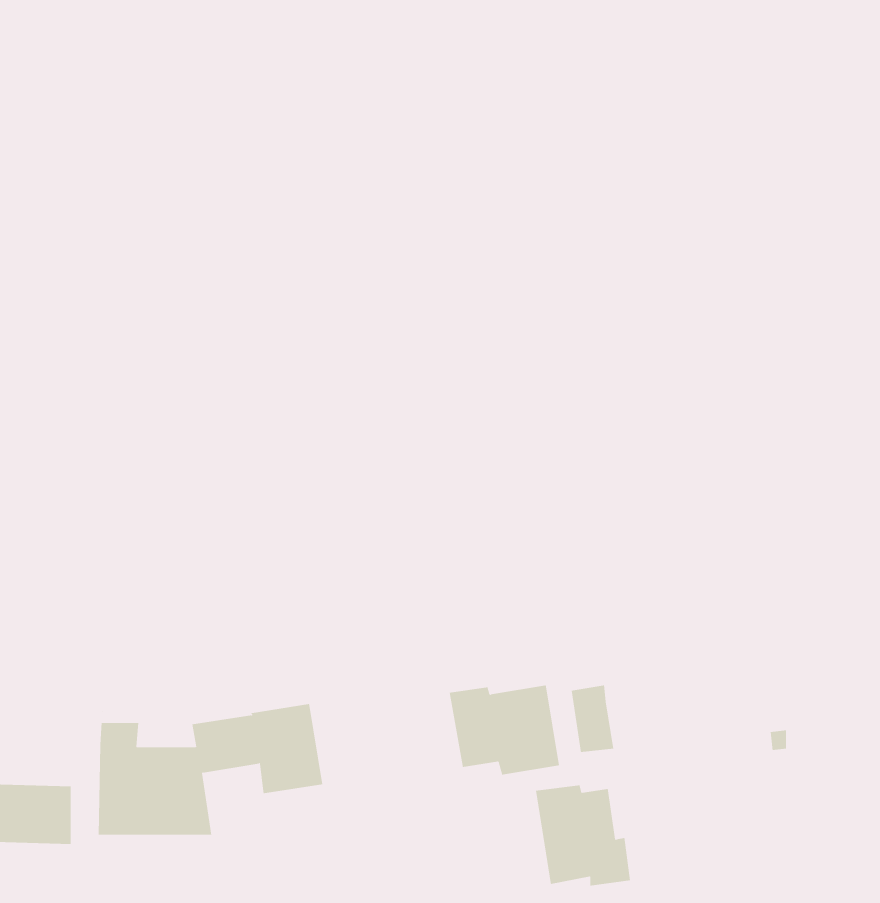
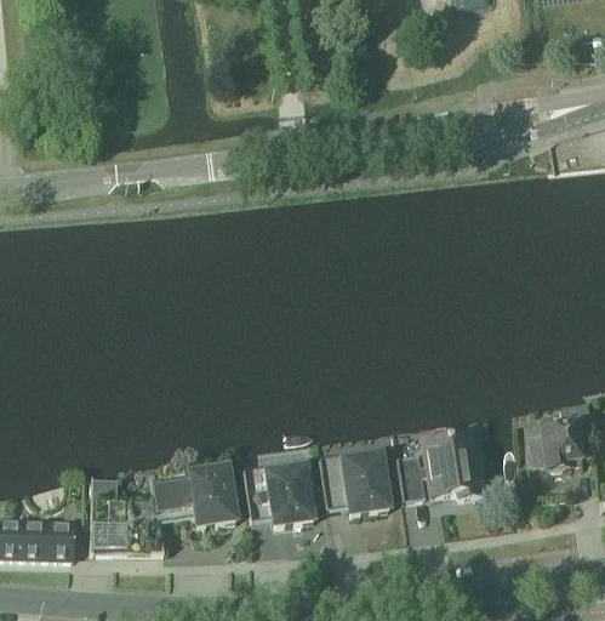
building: none -> [531,403,590,468]
building: none -> [246,466,315,525]
building: [535,785,631,886] -> [424,431,486,496]

